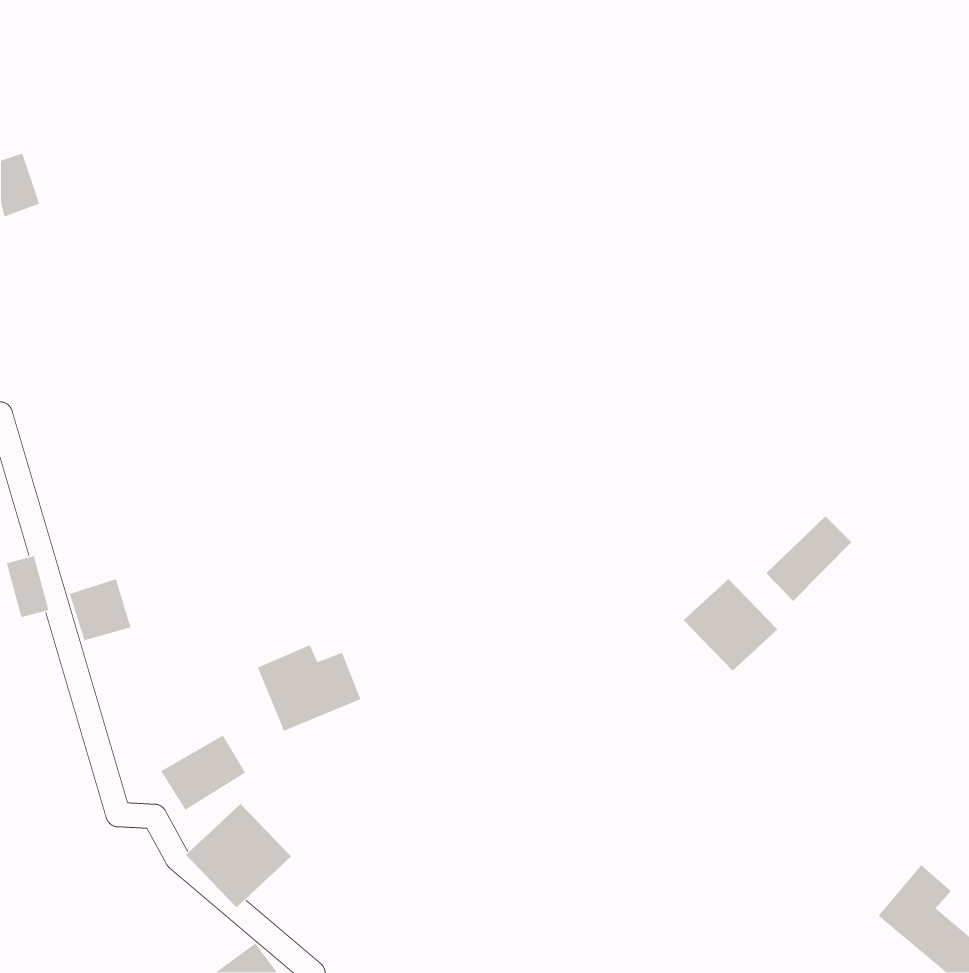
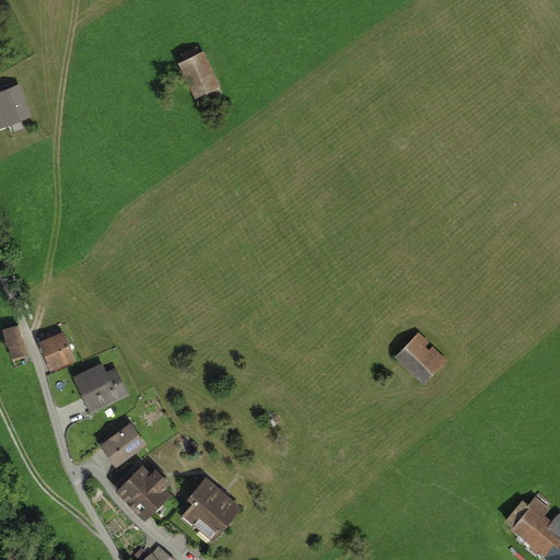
building: none -> [177,54,222,101]
building: [766,516,852,602] -> none
building: [257,644,362,732] -> [71,363,131,413]
building: none -> [173,479,236,542]

